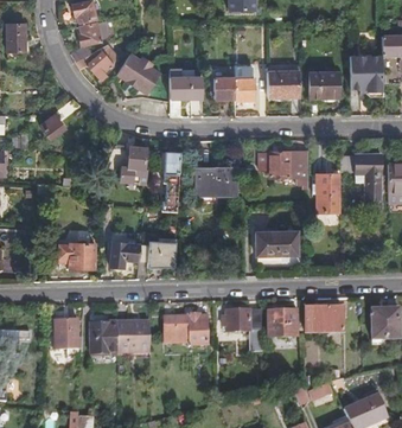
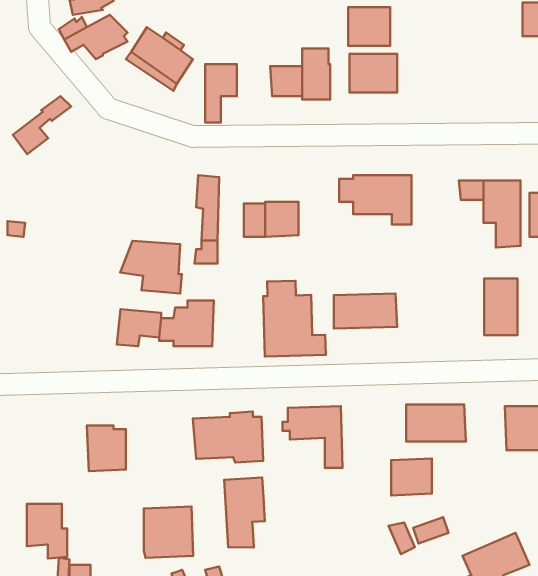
building: [350,56,383,97] -> none
building: [310,71,338,97] -> [348,7,390,46]
building: [106,146,147,181] -> [120,241,182,294]
building: [317,173,339,211] -> [484,279,518,335]
building: none -> [263,281,326,356]
building: [58,244,92,268] -> none
building: [268,308,295,333] -> [391,458,432,495]
building: [55,319,82,356] -> [27,504,67,559]
building: [116,320,149,354] -> [144,507,193,558]
building: none -> [224,477,265,547]

